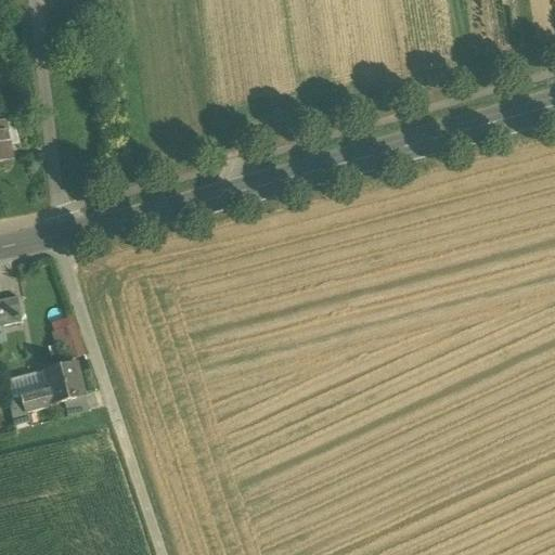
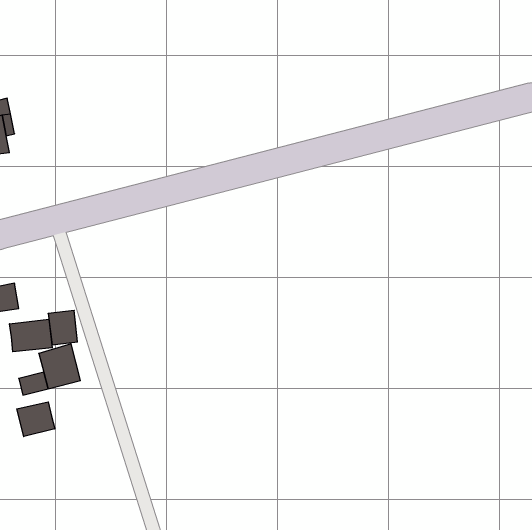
building: none -> [10,319,52,352]
building: none -> [17,402,55,437]

